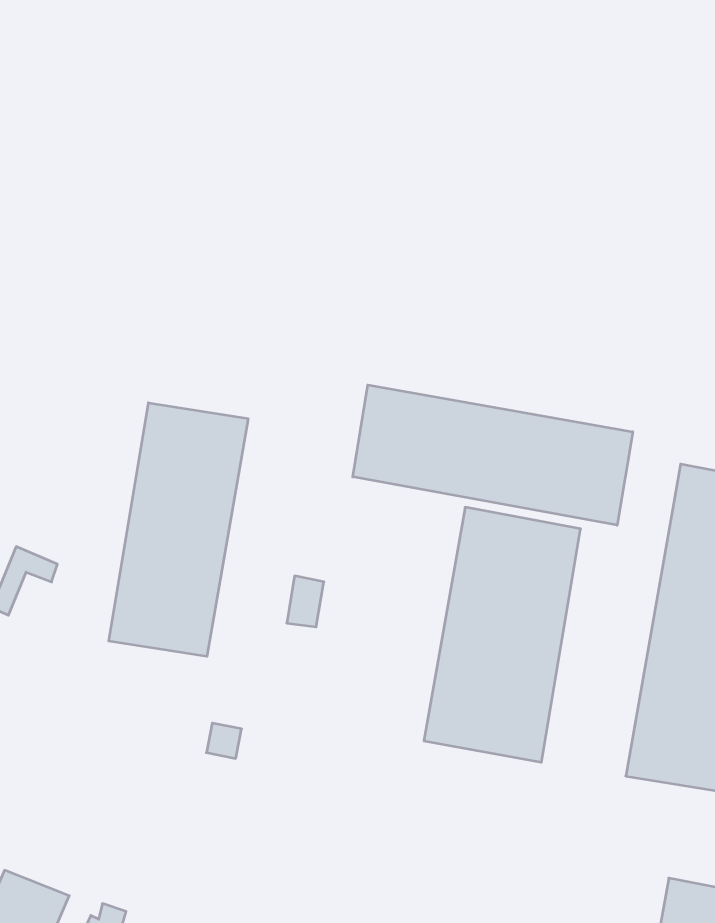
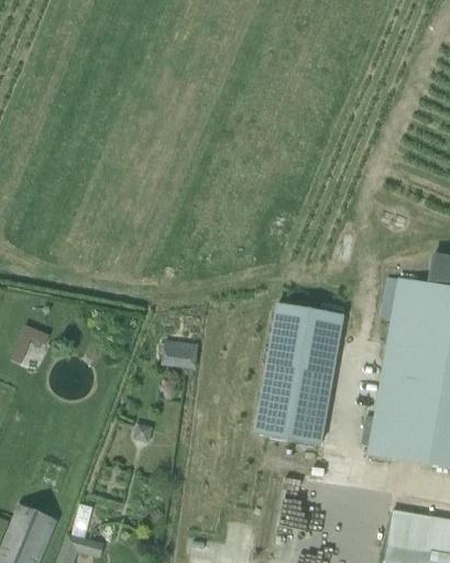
building: [353,385,633,525] -> none
building: [109,403,248,656] -> none

